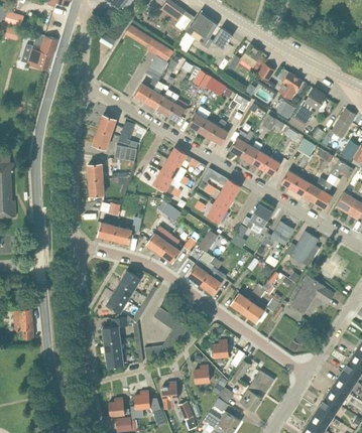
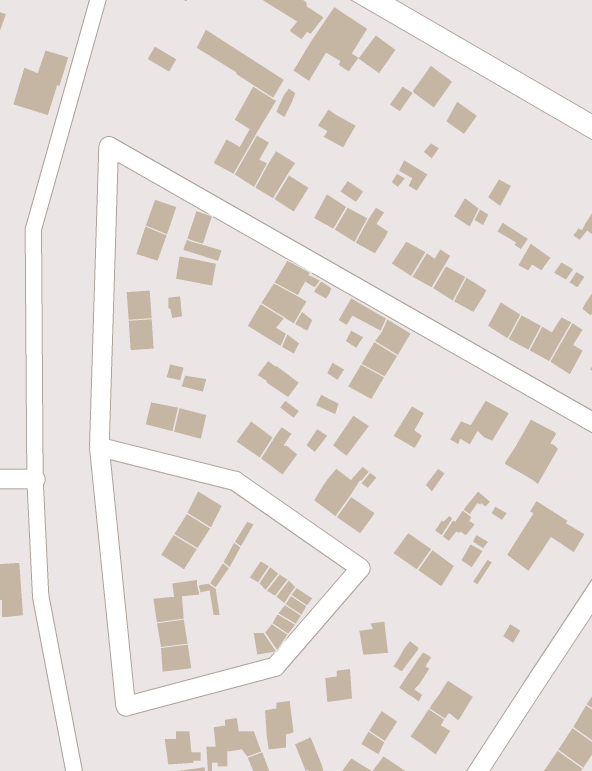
building: [277,70,303,100] -> none
building: [292,89,326,126] -> none
building: [245,205,271,234] -> none

